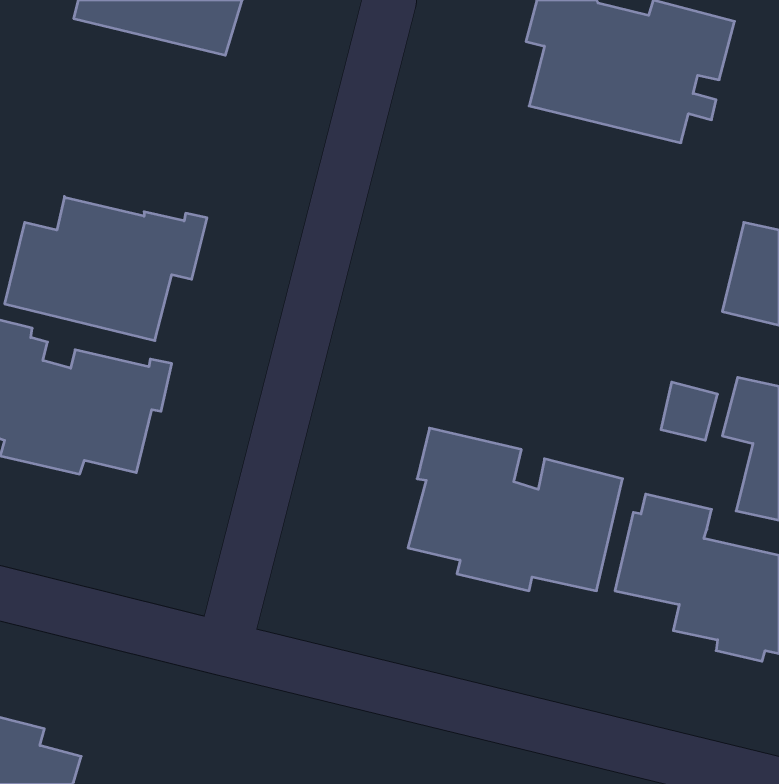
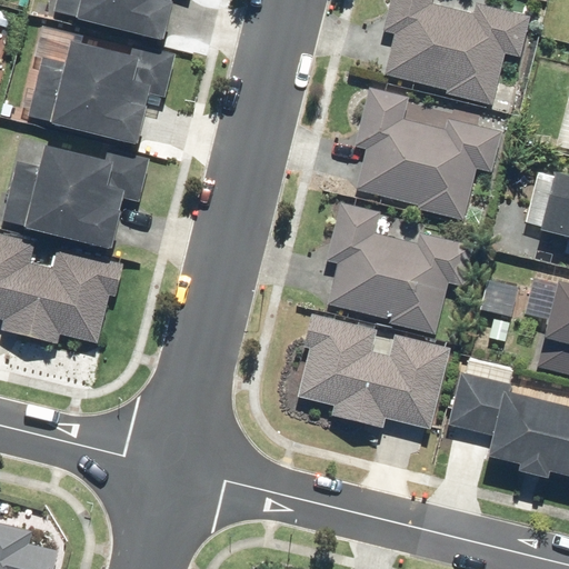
building: none -> [29,39,176,142]
building: none -> [353,87,502,220]
building: none -> [326,201,475,336]

